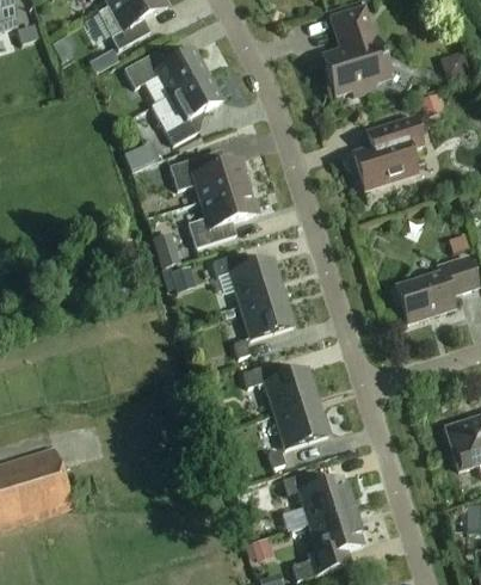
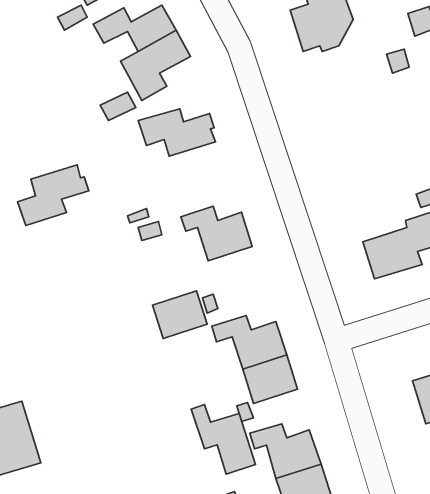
building: [353,116,423,189] -> none
building: [187,186,259,247] -> [18,165,89,225]
building: [240,291,295,339] -> [153,291,207,338]
building: none -> [191,405,255,474]

